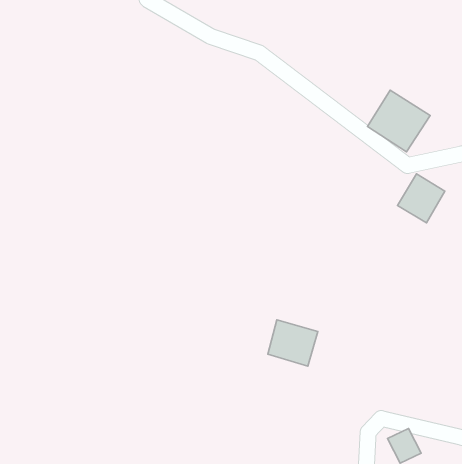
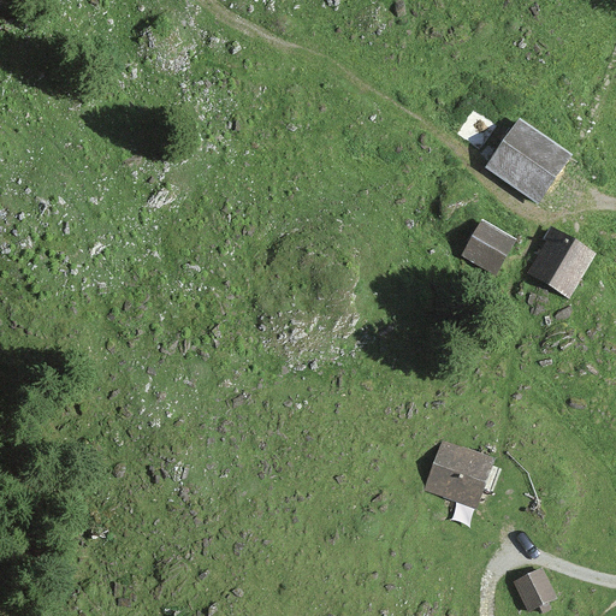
building: none -> [458,219,519,278]
building: [268,320,318,366] -> [426,444,492,505]

